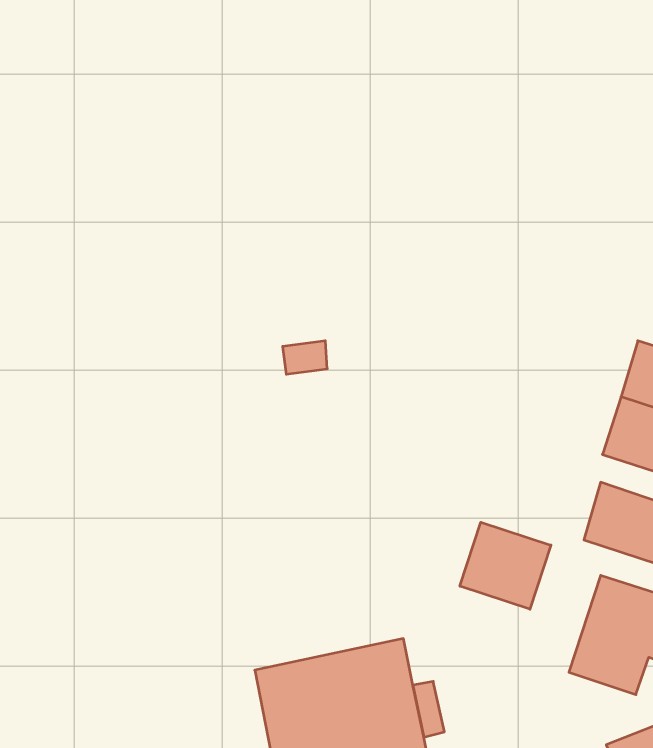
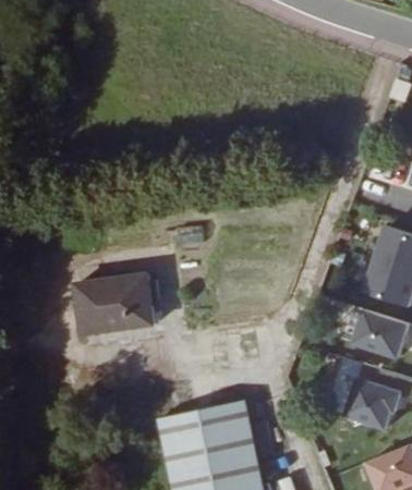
building: none -> [75,274,158,334]
building: [460,522,551,609] -> none

